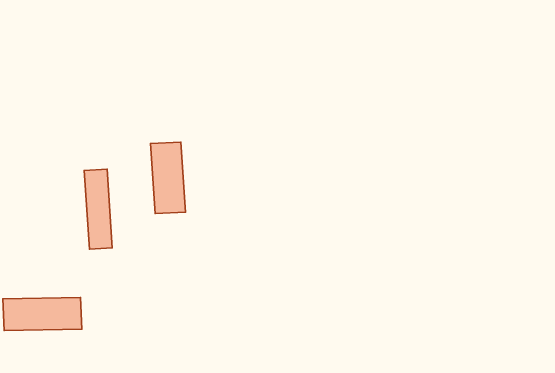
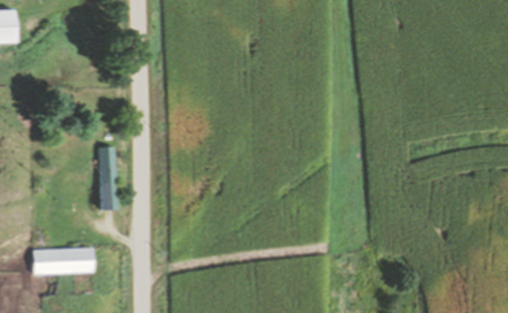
building: [151,142,186,213] -> none

